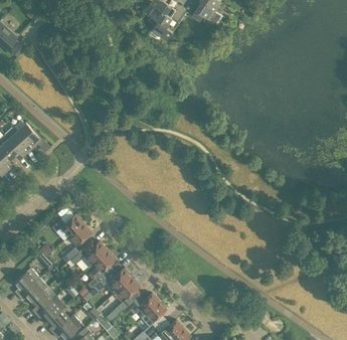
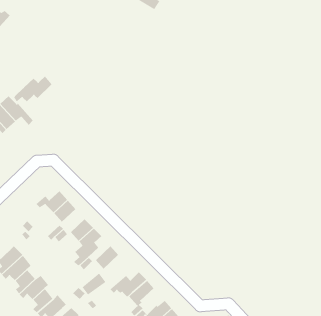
building: none -> [13,75,53,102]
building: [114,277,140,314] -> none

